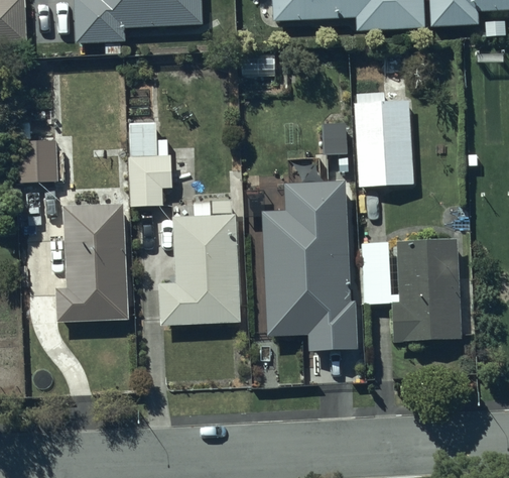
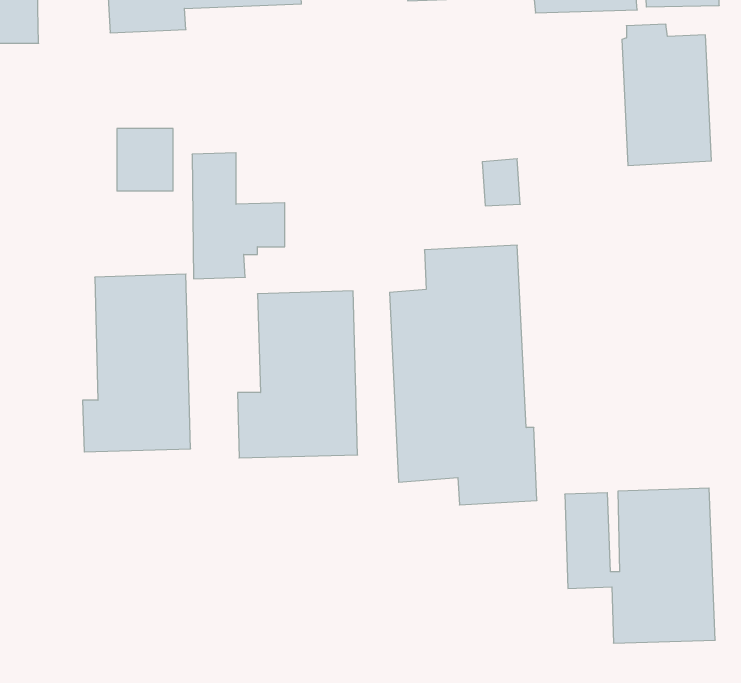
building: [354,92,413,186] -> [622,24,711,166]
building: [19,139,56,181] -> [117,129,173,191]
building: [361,237,461,340] -> [565,488,715,643]

